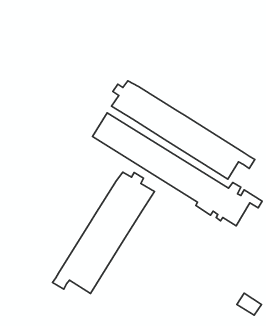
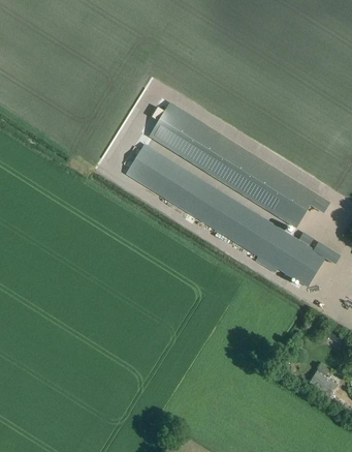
building: [53,172,154,293] -> none

